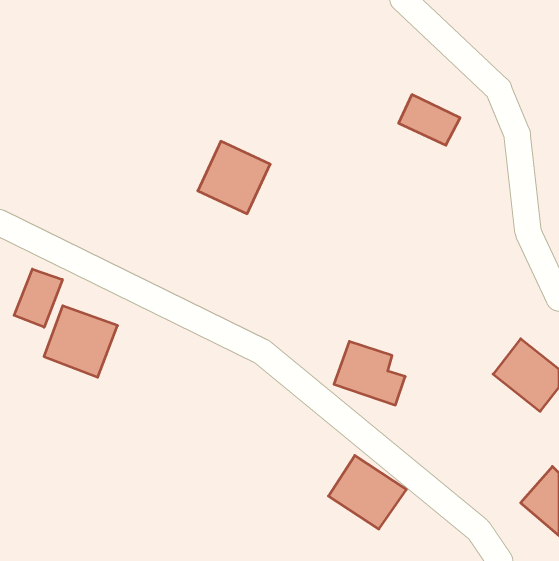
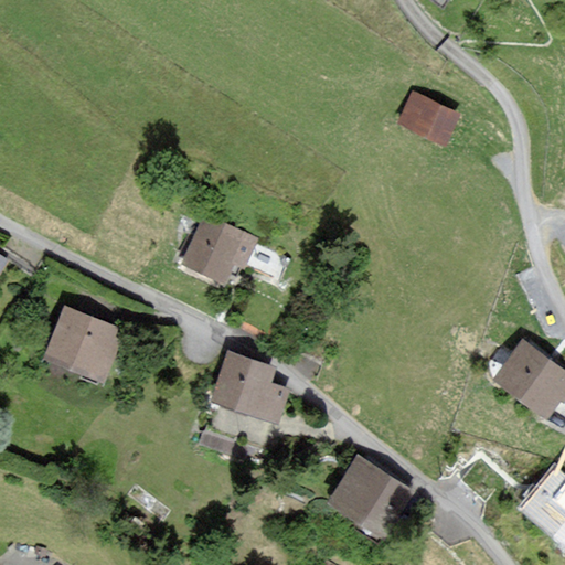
building: [198,141,270,214] -> [183,215,256,288]
building: [14,269,62,327] -> none
building: [334,341,405,405] -> [213,353,285,417]

